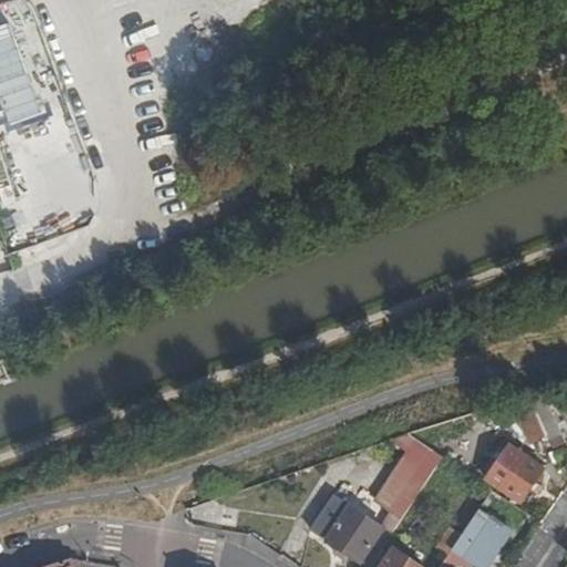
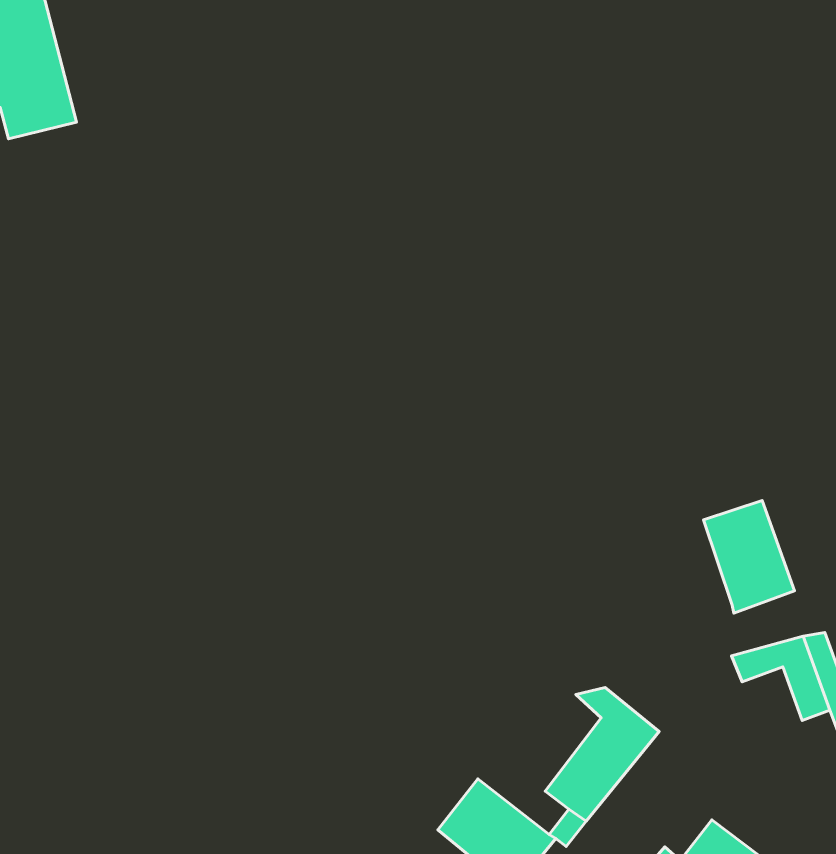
building: none -> [704,501,795,613]
building: [485,447,542,503] -> none

